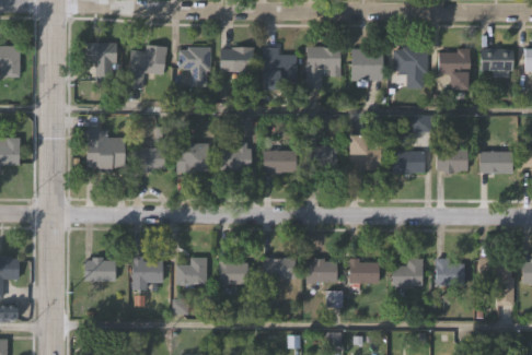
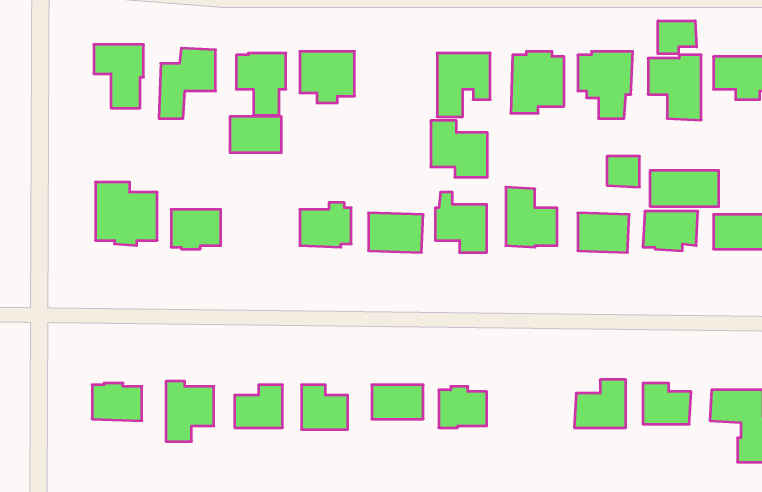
building: none -> [658,21,697,54]
building: [261,45,297,81] -> [431,121,487,177]
building: none -> [650,170,719,207]
building: [177,150,210,173] -> [230,117,281,153]
building: [347,259,378,285] -> none

